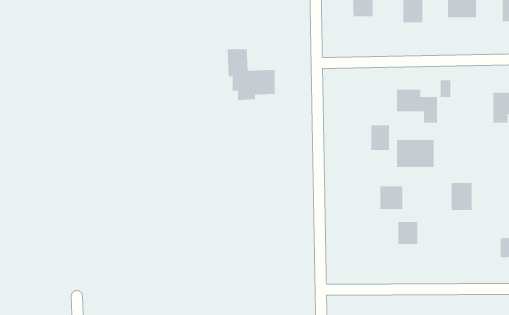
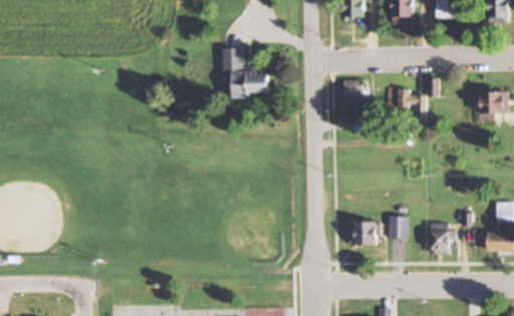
building: [370,125,390,151] -> [343,80,362,105]
building: [397,139,434,168] -> none
building: [451,183,473,211] -> [430,225,451,252]
building: [379,186,403,210] -> [353,222,376,245]

